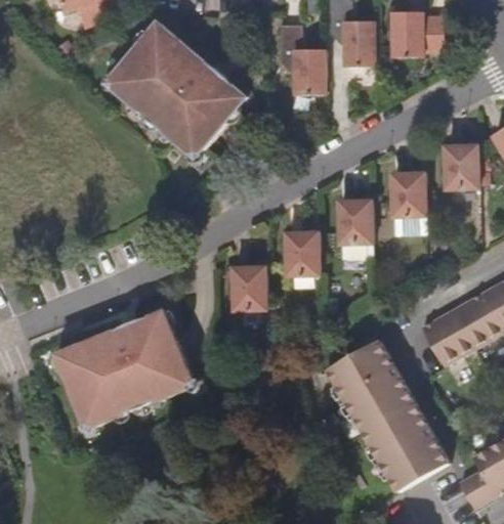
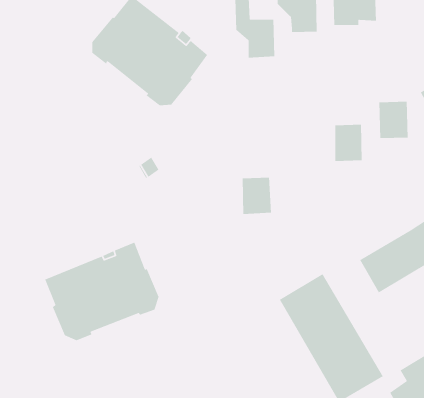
building: [337,200,372,245] -> none
building: [233,267,266,312] -> none

